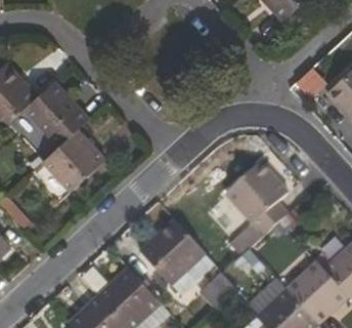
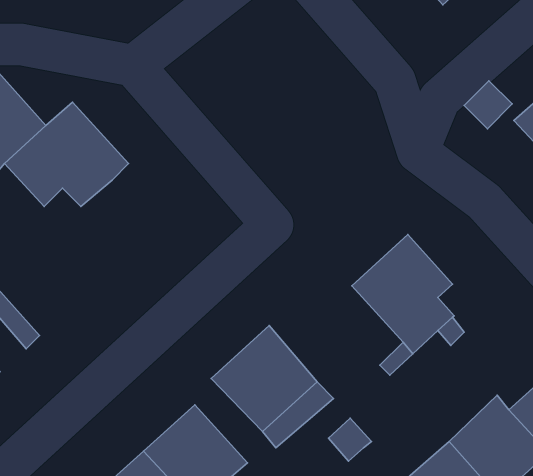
building: [43,128,105,191] -> none

